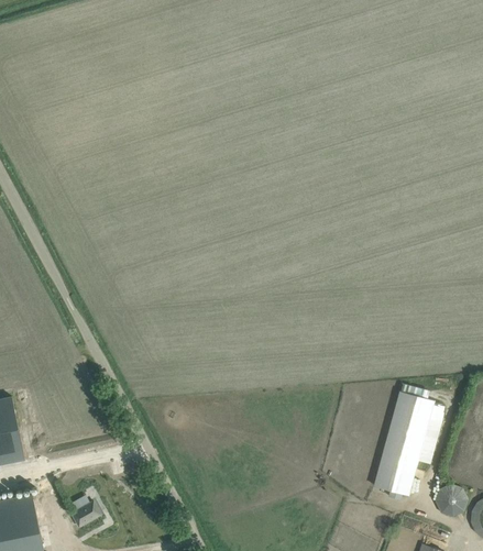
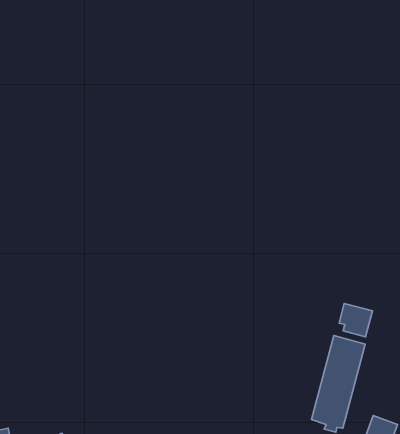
building: none -> [339,303,372,337]

